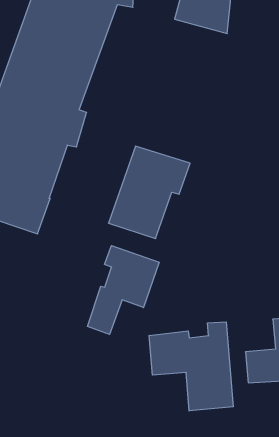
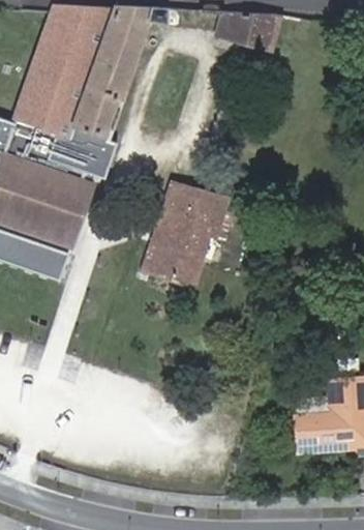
building: [87,246,159,334] -> none
building: [149,322,233,411] -> none

